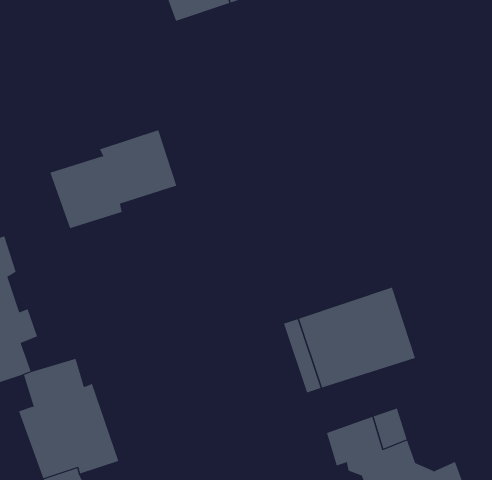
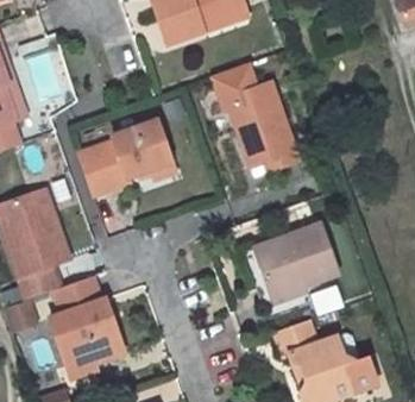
building: none -> [210,61,298,170]

